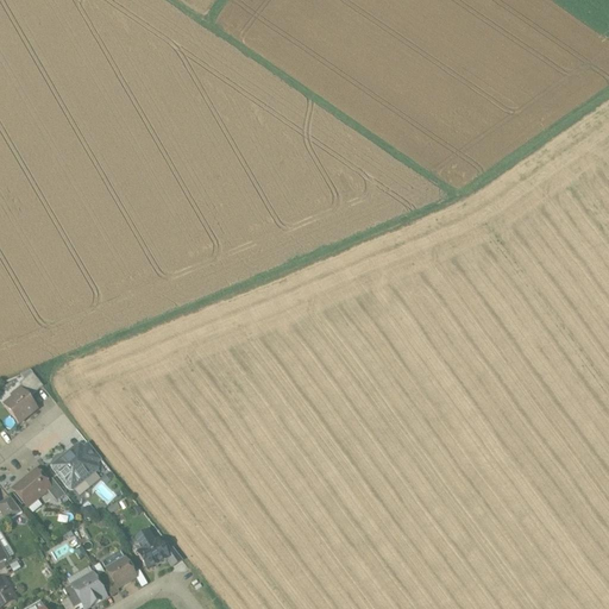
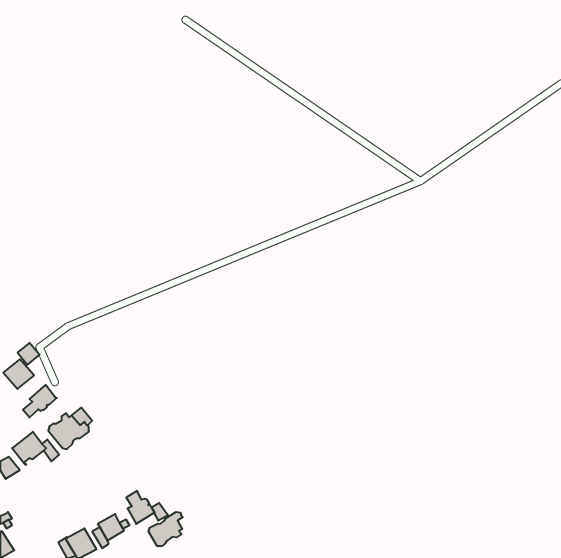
building: none -> [23,385,57,418]
building: none -> [149,512,183,546]

